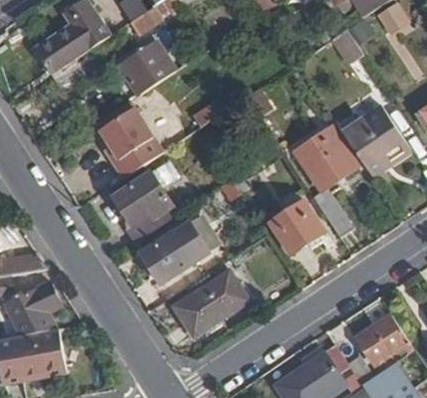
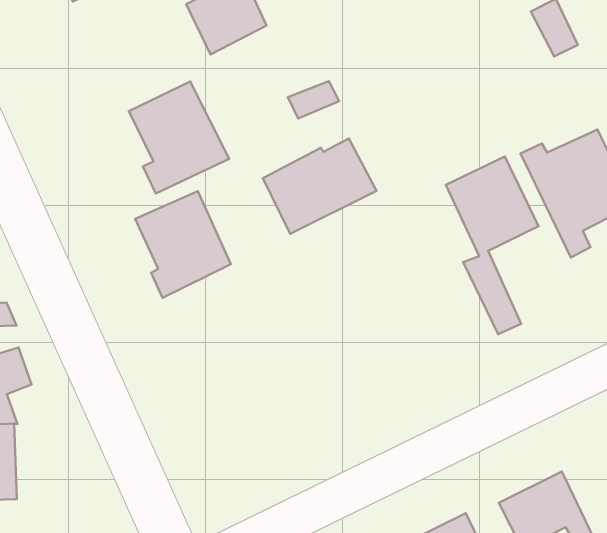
building: [271,201,324,253] -> none
building: [137,222,206,284] -> [263,139,376,234]
building: [169,274,242,340] -> none

